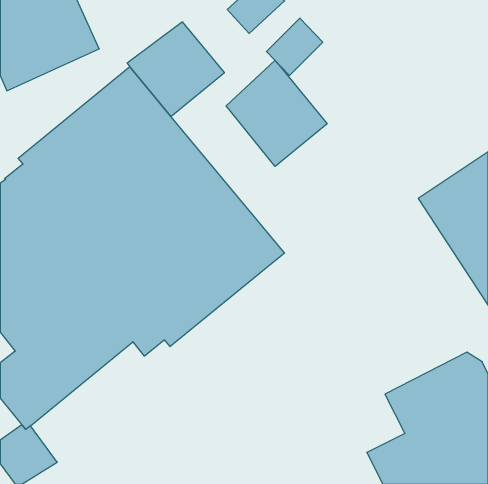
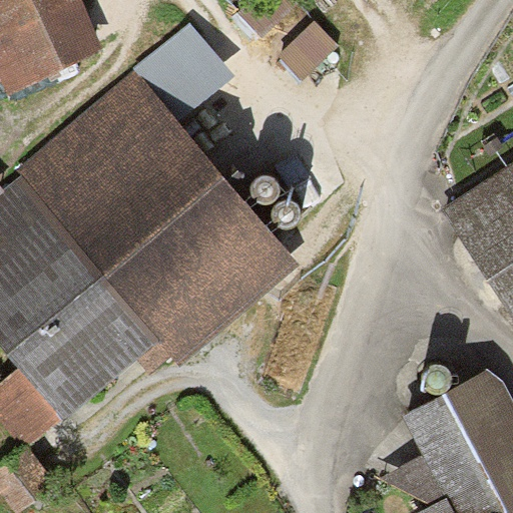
building: [226,60,327,166] -> none

